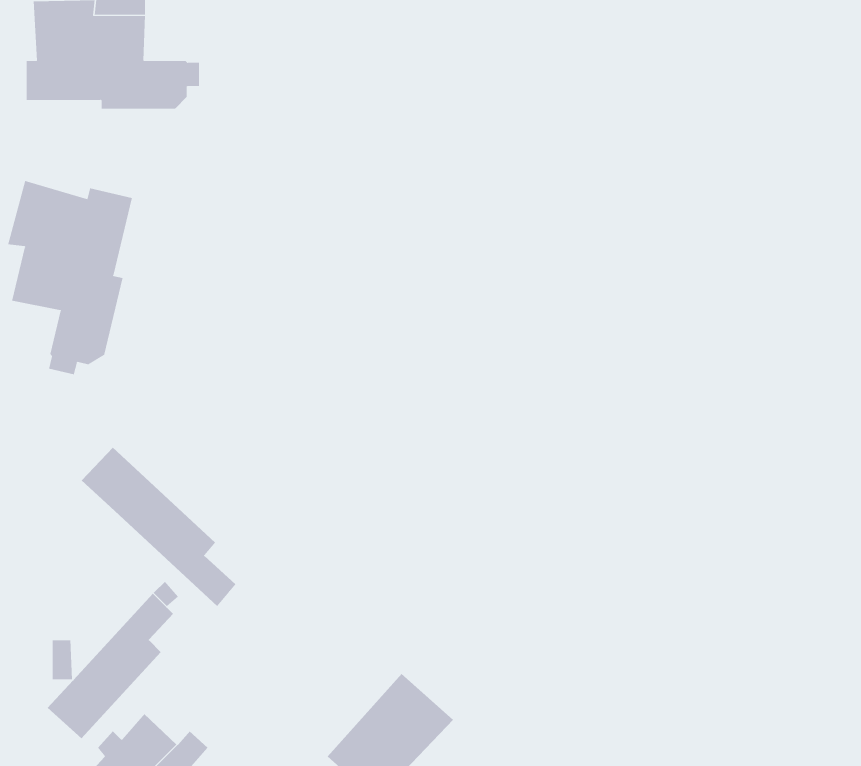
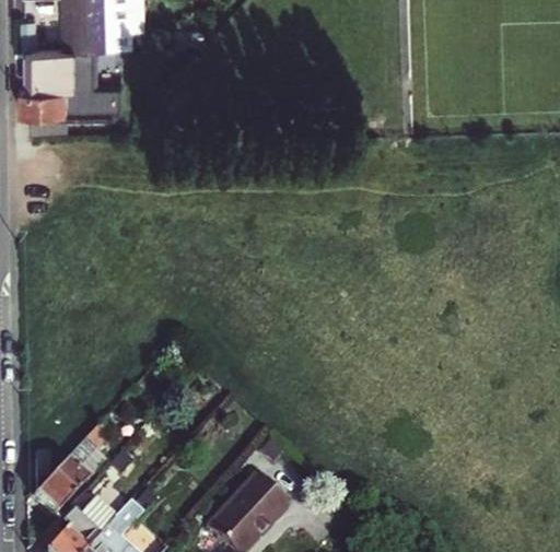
building: [8,180,132,375] -> none
building: [81,447,236,607] -> none

